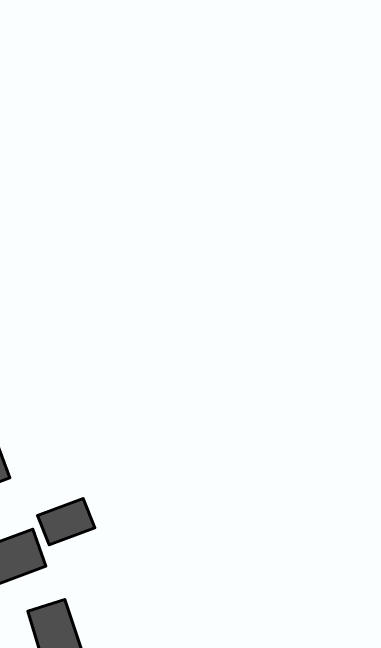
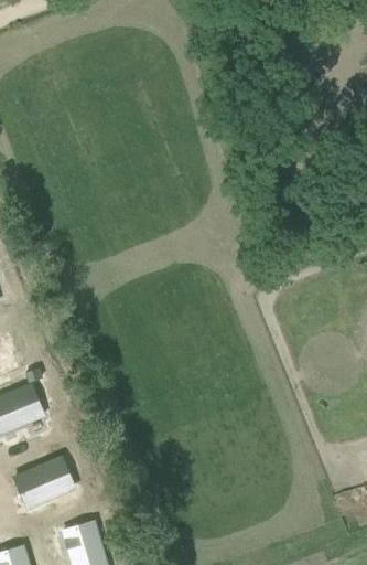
building: [38,499,95,545] -> none

